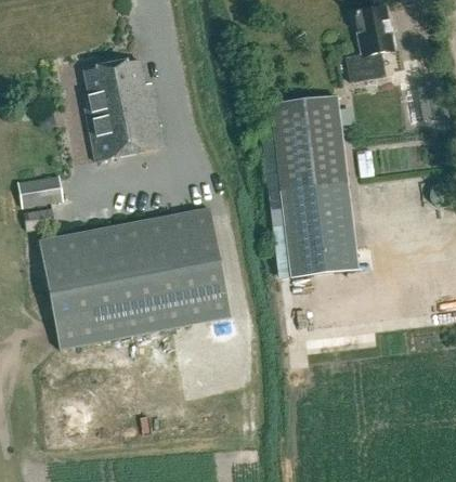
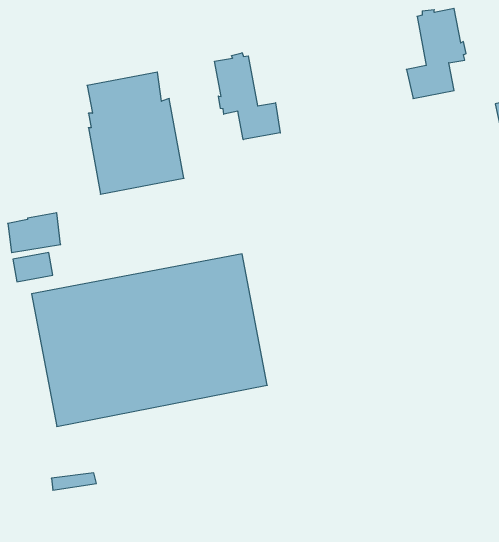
building: none -> [215,53,280,140]
building: [270,95,356,276] -> none

